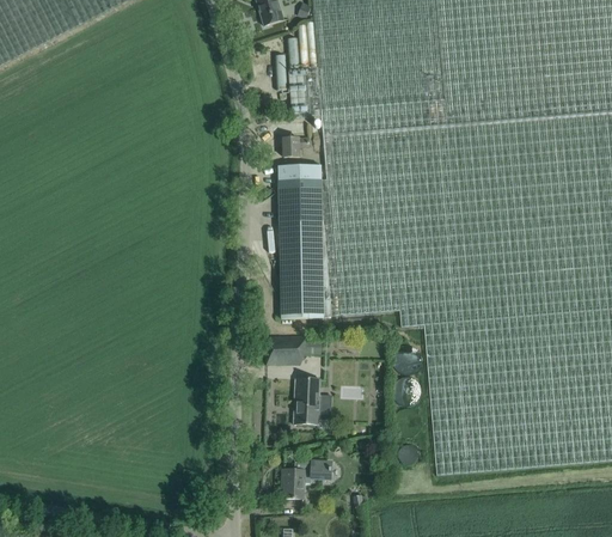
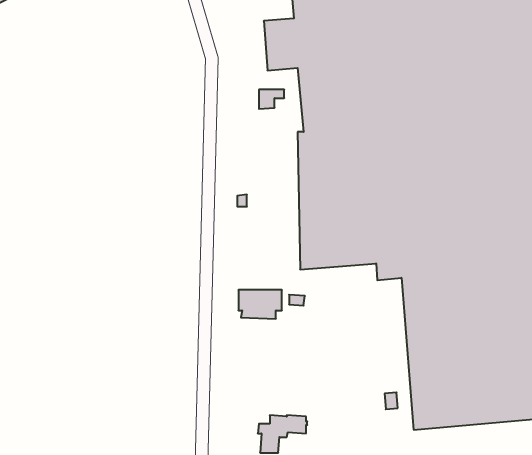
building: [277,165,324,318] -> none
building: [293,378,322,425] -> none

